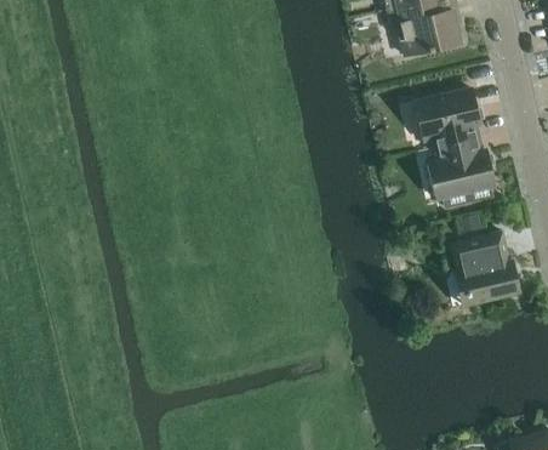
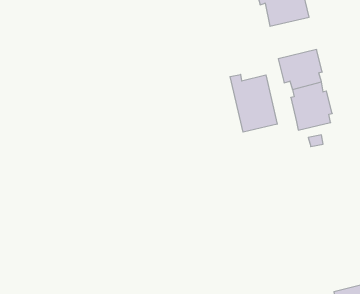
building: none -> [230,74,277,132]
building: [449,232,519,303] -> none

